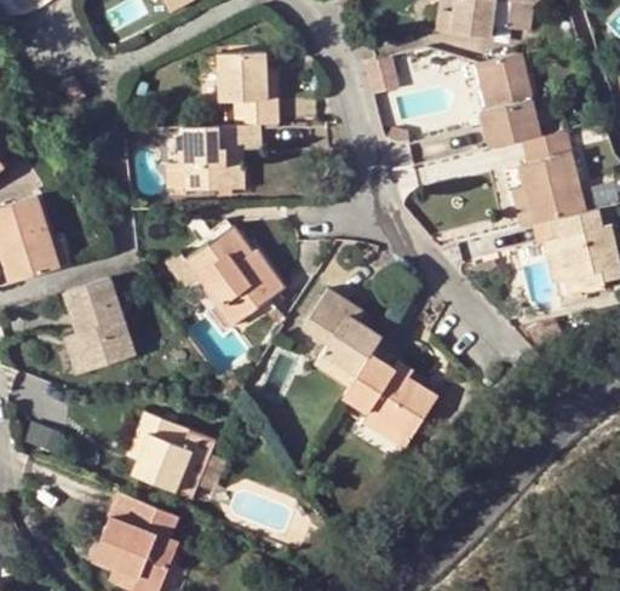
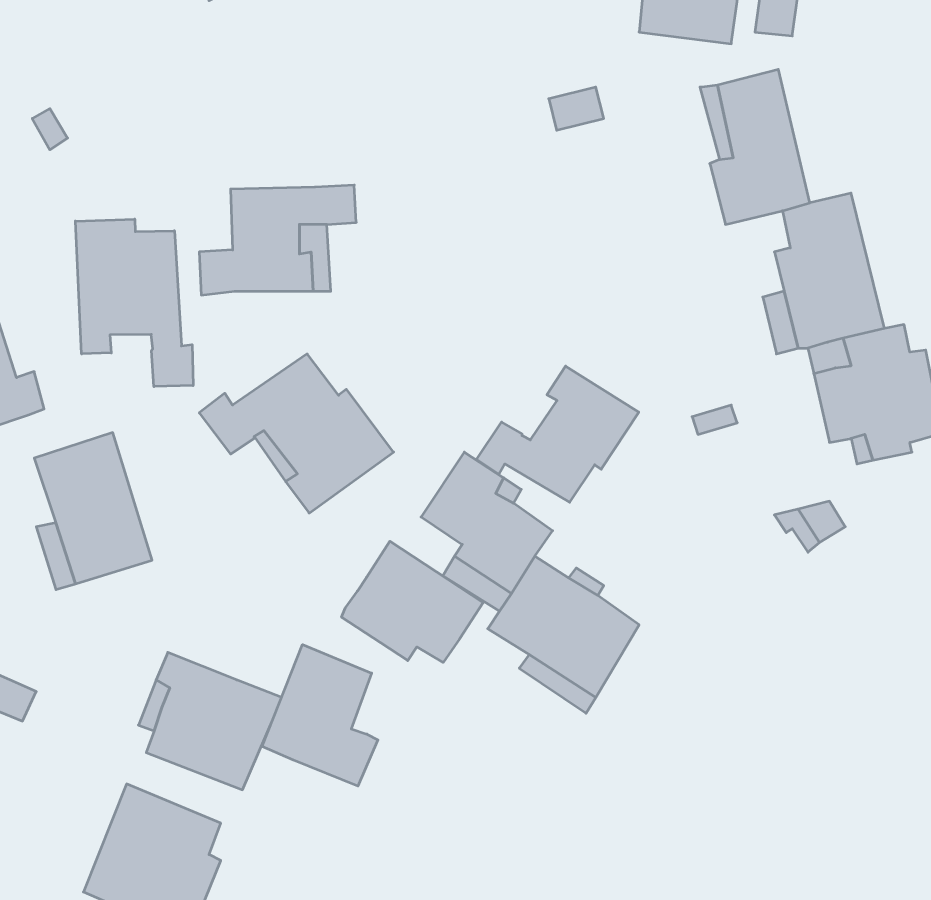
building: [217,51,279,125] -> none
building: none -> [75,219,193,387]
building: none -> [477,366,639,502]
building: none -> [342,541,483,662]
building: none -> [262,645,378,786]

